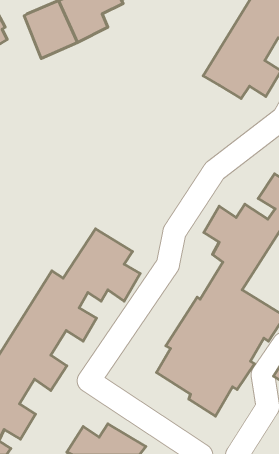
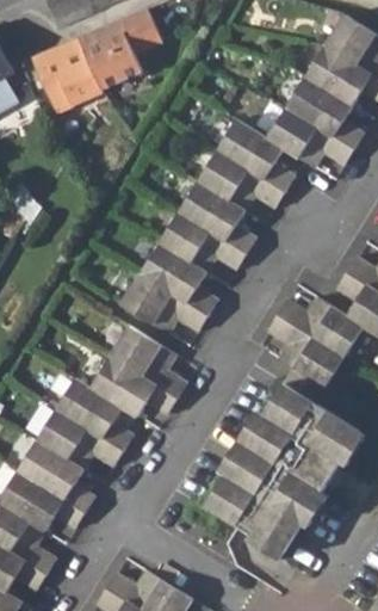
building: none -> [122,117,295,334]

